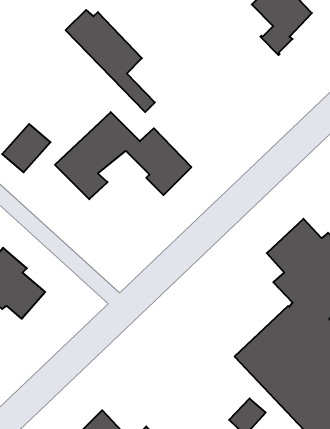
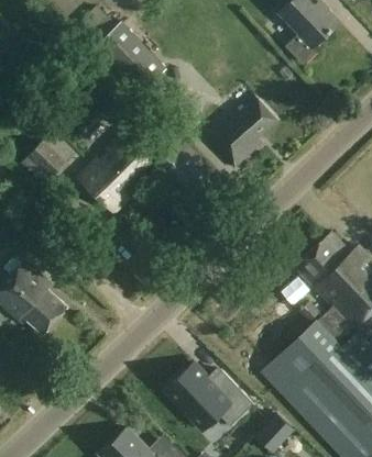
building: none -> [207,92,278,168]
building: none -> [165,364,254,431]

